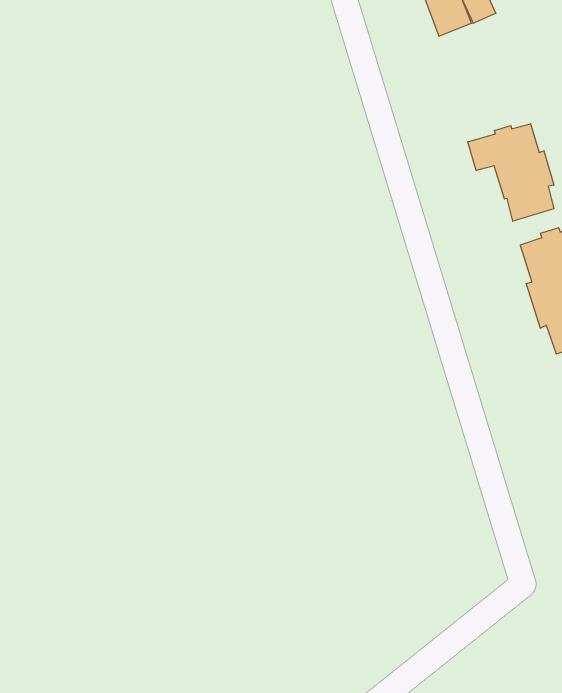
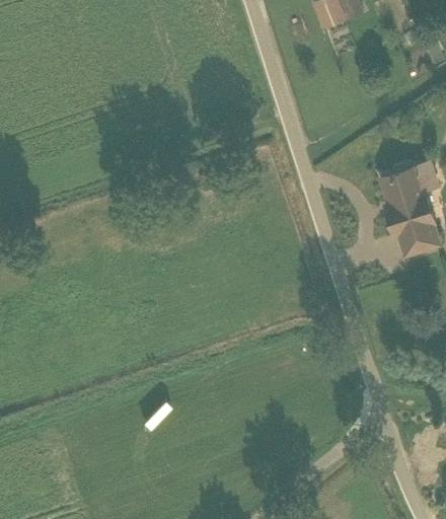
building: [468,124,554,221] -> none

